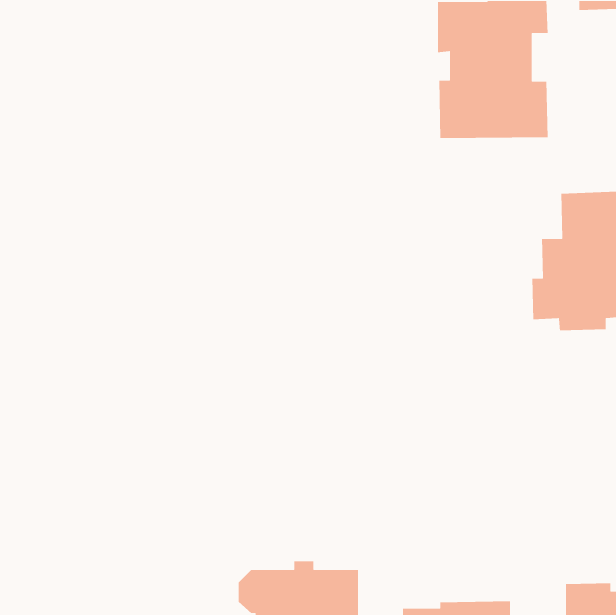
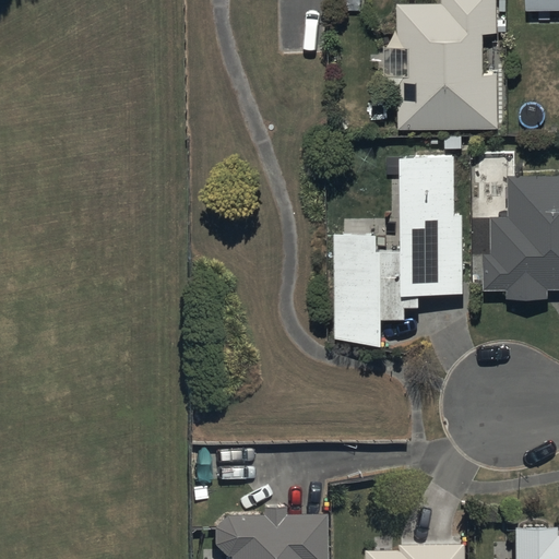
building: none -> [333,155,463,347]

